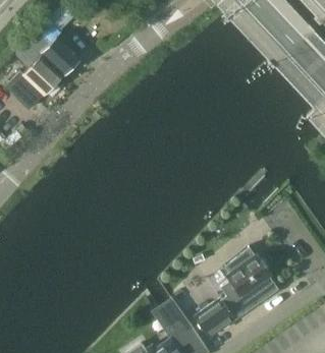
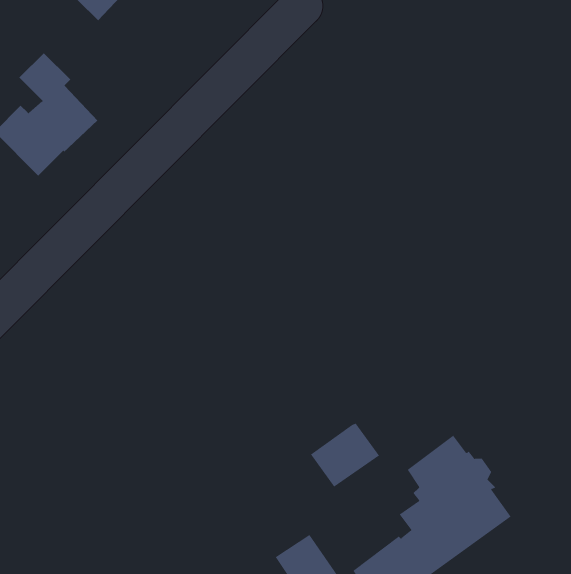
building: [34,37,83,77] -> none
building: none -> [310,423,380,488]

